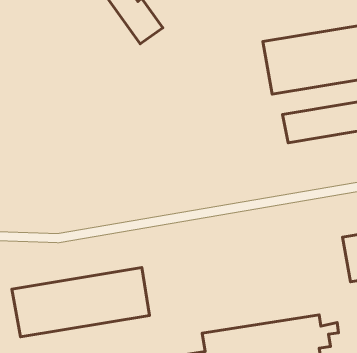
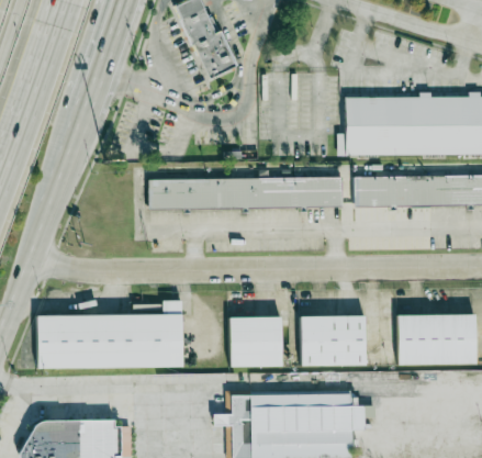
building: none -> [148,178,341,208]
building: none -> [301,315,366,366]
building: none -> [231,317,282,367]

